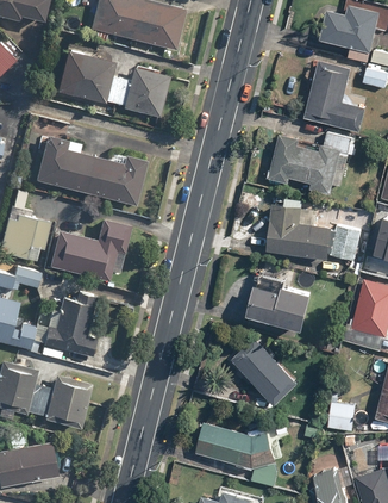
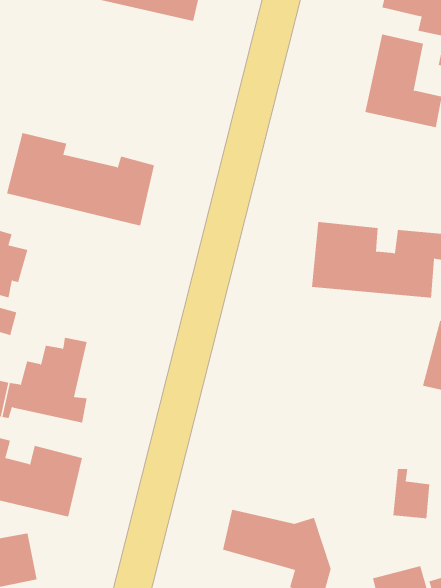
building: [55,43,169,118] -> none
building: [269,131,353,195] -> none
building: [46,219,131,282] -> none
building: [246,285,312,330] -> none
building: [230,337,299,408] -> none

